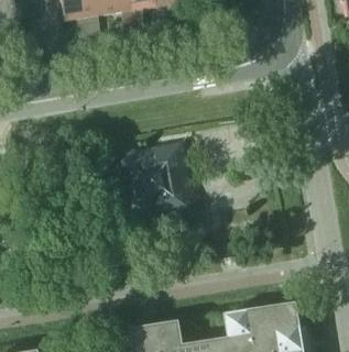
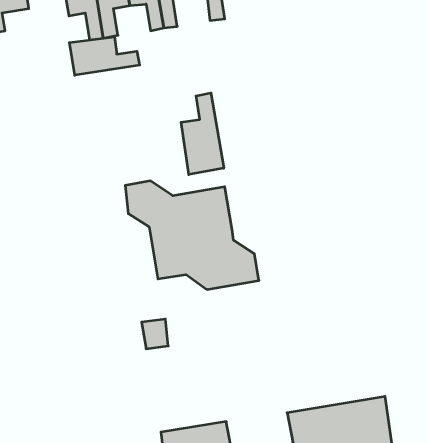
building: none -> [69,37,140,75]
building: none -> [181,93,224,175]

